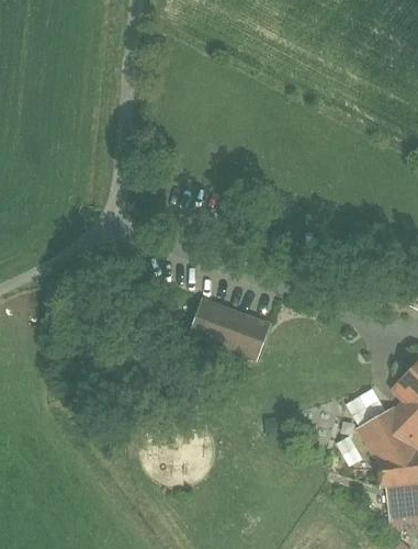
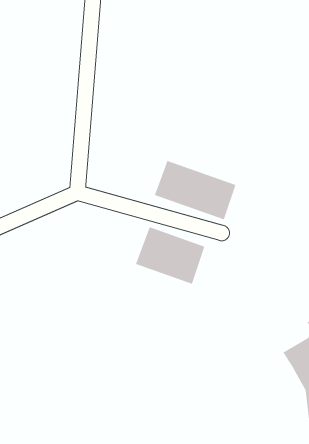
building: none -> [154,160,236,220]

